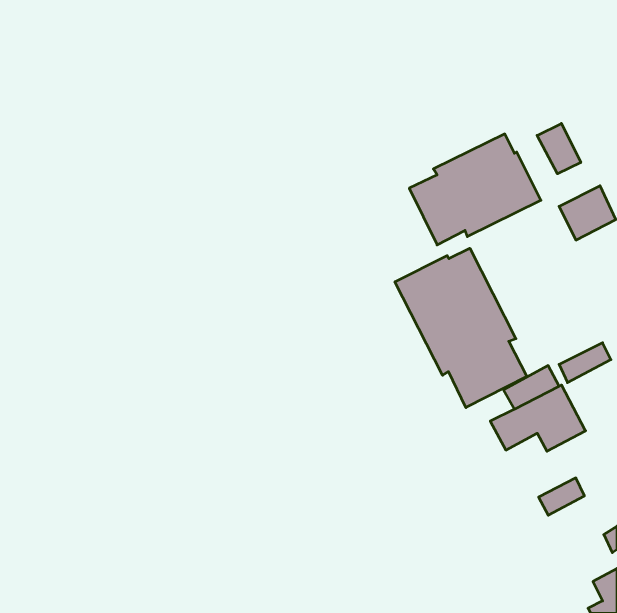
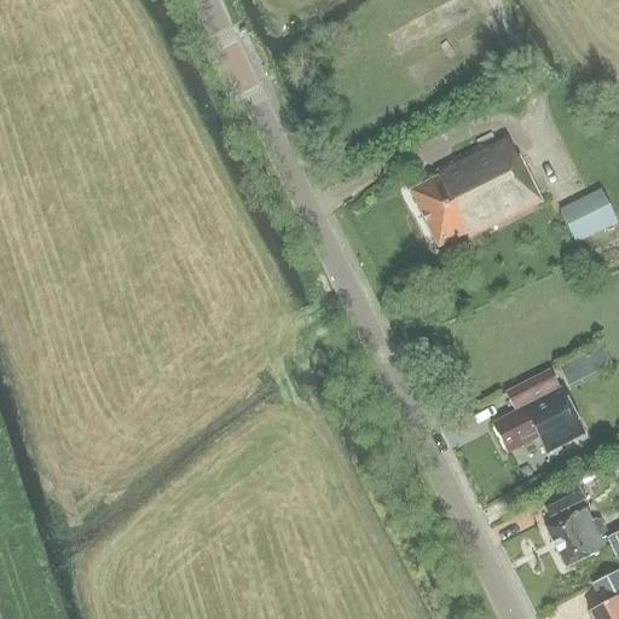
building: [537,123,581,174] -> none
building: [395,248,527,408] -> none
building: none -> [545,507,606,566]

